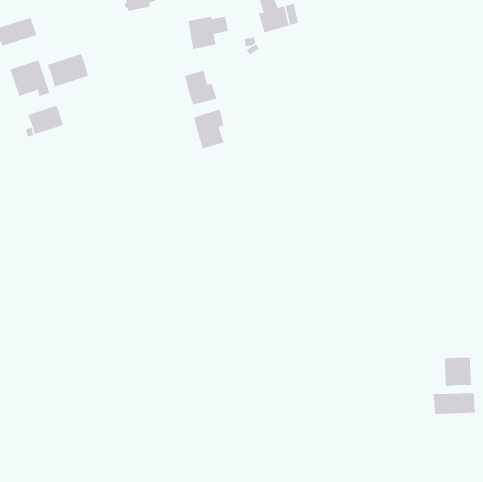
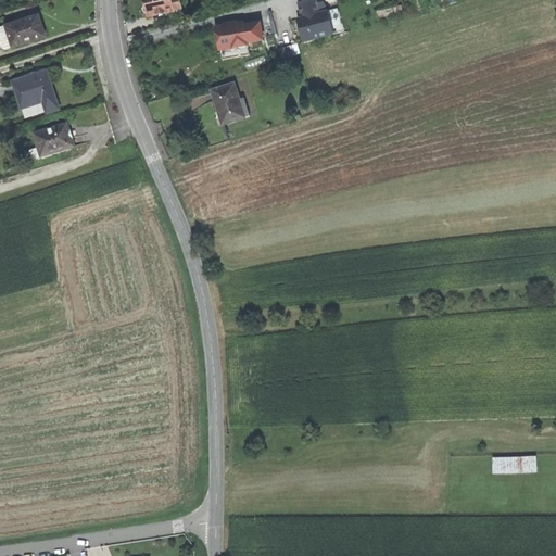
building: [47,53,89,87] -> none
building: [193,109,224,149] -> none
building: [444,357,471,387] -> none

